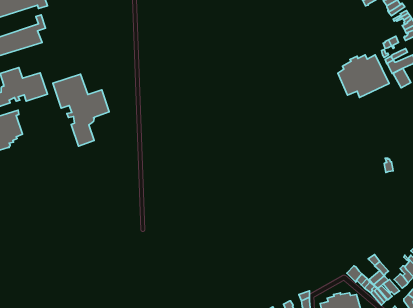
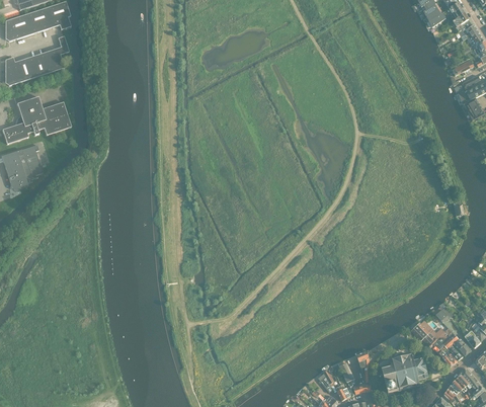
building: [338,55,389,98] -> none
building: [53,74,109,146] -> none

